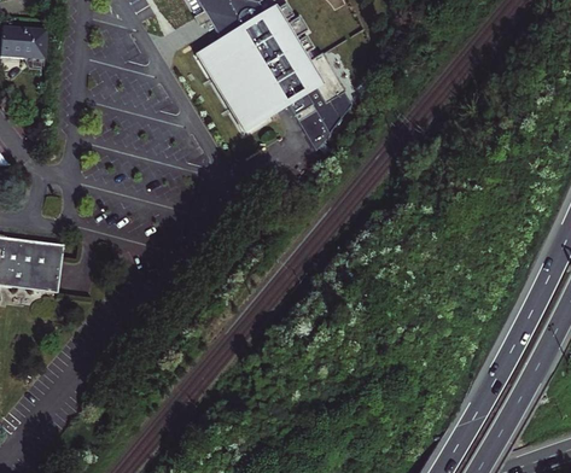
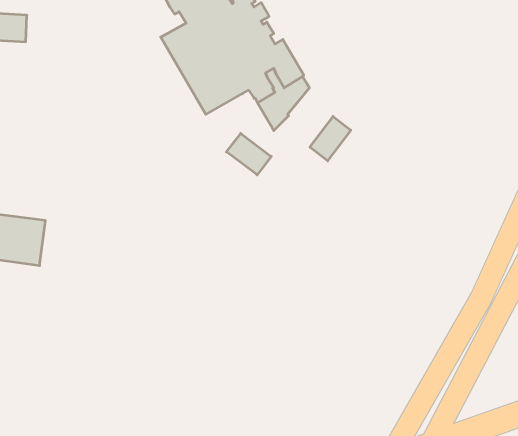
building: none -> [310,116,351,161]
building: none -> [226,133,271,175]

